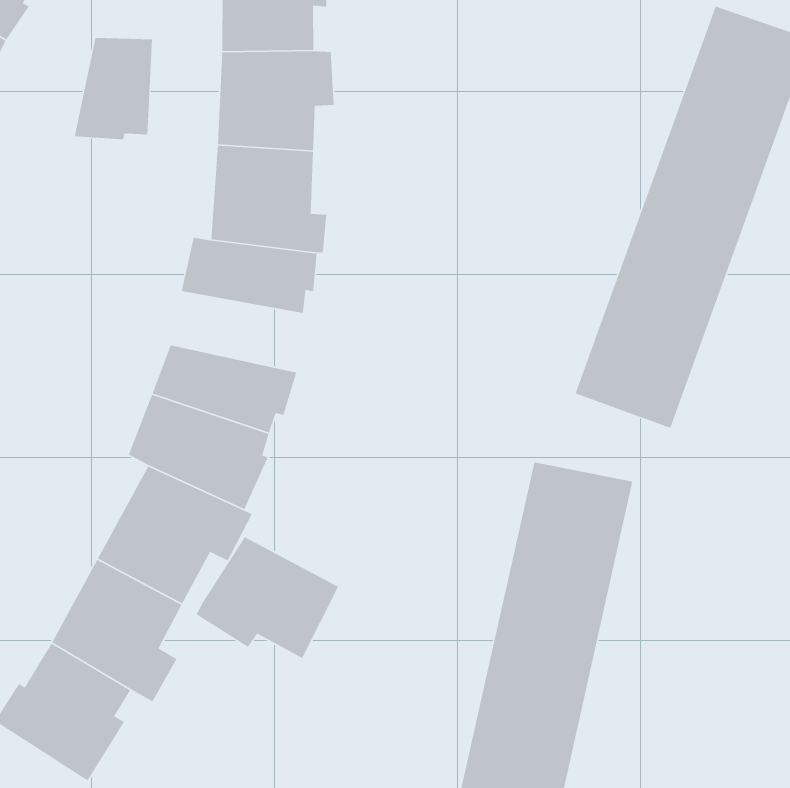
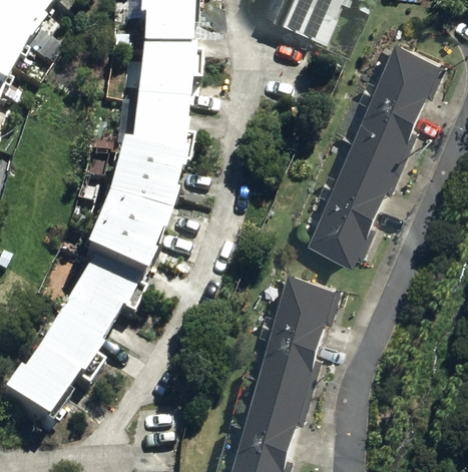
building: [74,37,153,140] -> none
building: none -> [104,172,174,217]
building: [196,536,339,659] -> none

